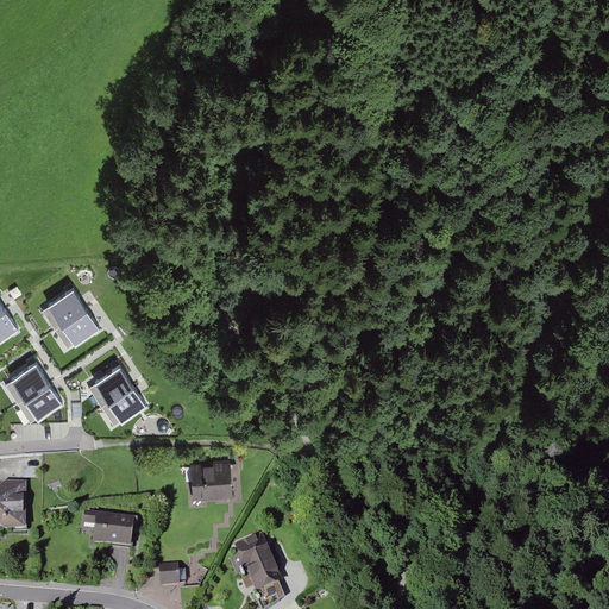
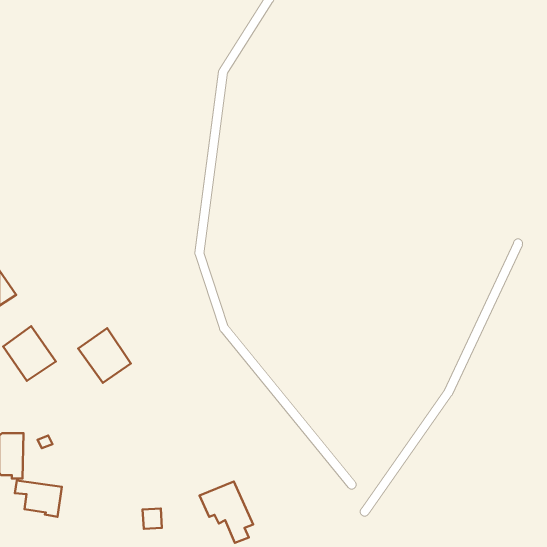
building: [42,288,100,349] -> none
building: [190,464,232,497] -> none
building: [82,513,134,553] -> [15,480,62,517]

